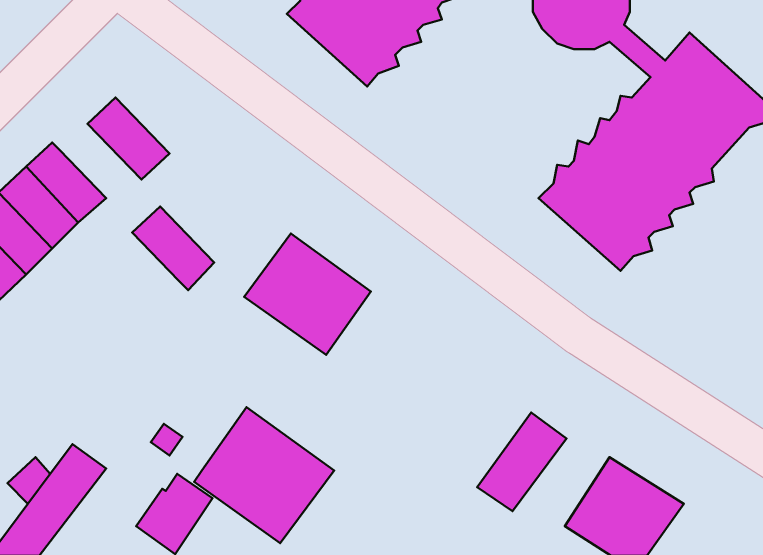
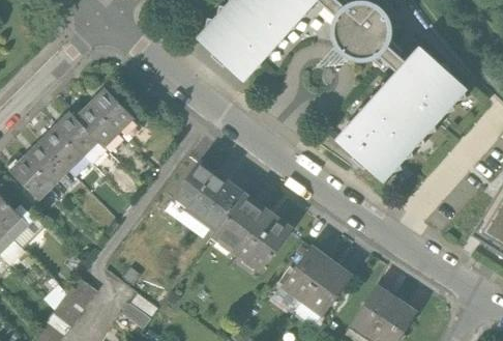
building: [132,206,214,290] -> [71,100,117,146]
building: none -> [284,246,333,302]
building: [194,407,334,543] -> [215,193,293,268]

